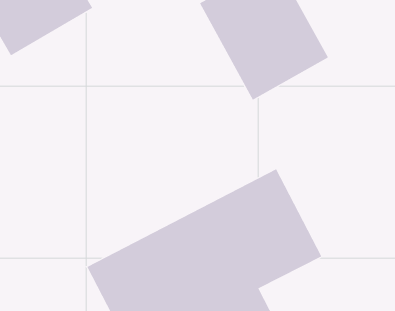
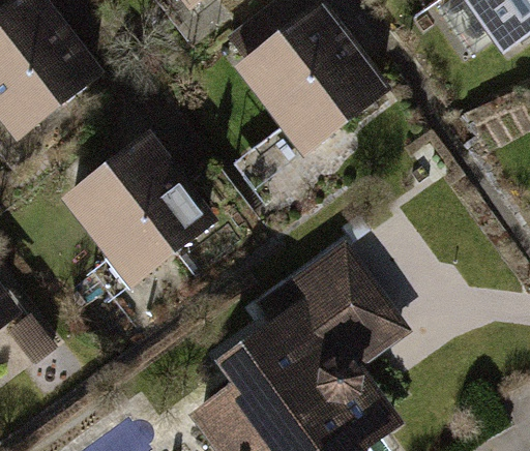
building: none -> [65,136,215,290]

